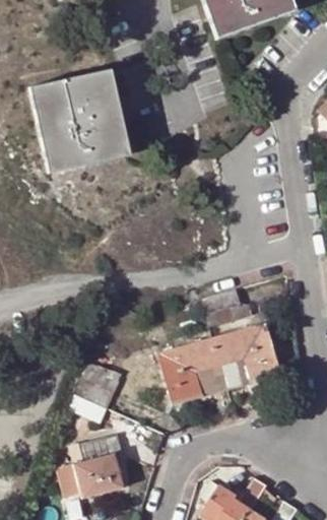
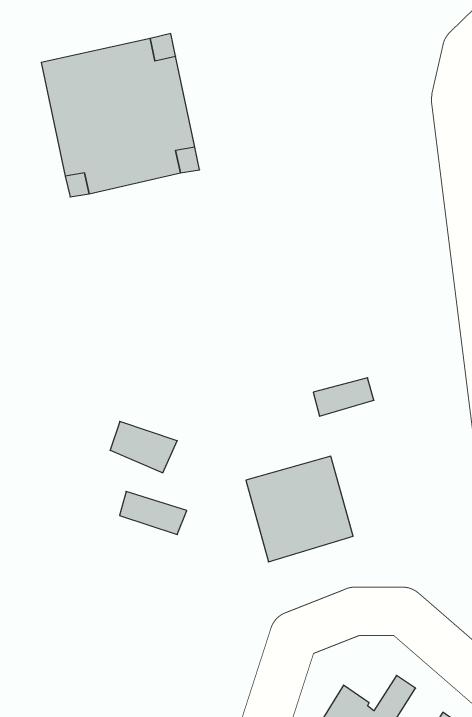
building: [212,322,280,389] -> none
building: [72,376,115,408] -> [110,421,177,473]
building: [72,435,122,498] -> none

